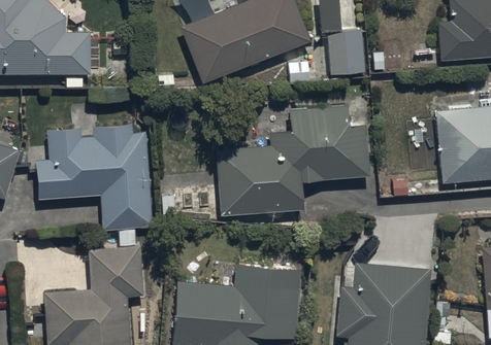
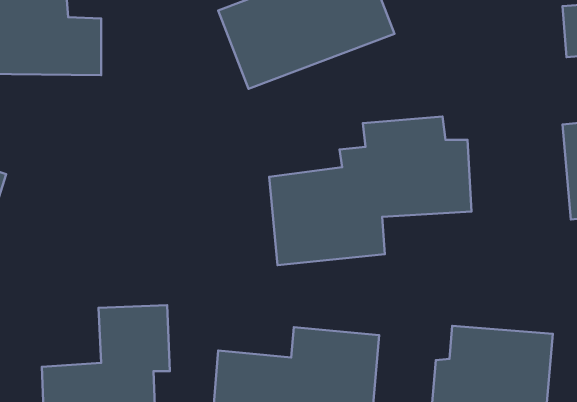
building: [326,29,366,76] -> none
building: [30,124,151,229] -> none

